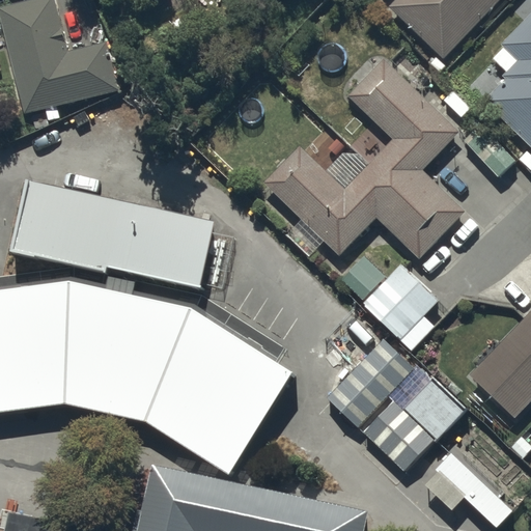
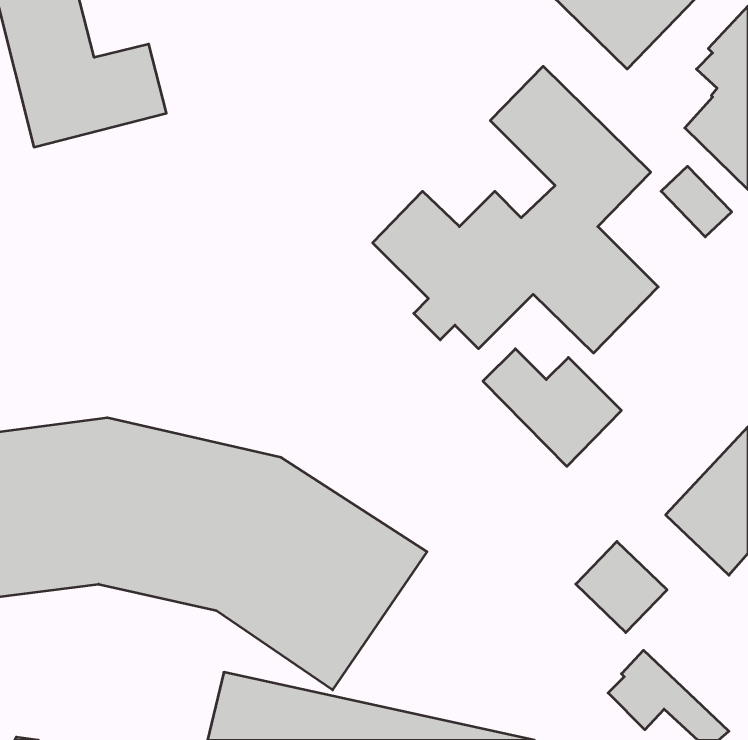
building: [16,188,221,299] -> none
building: [329,341,416,429] -> none
building: [366,404,436,474] -> none

